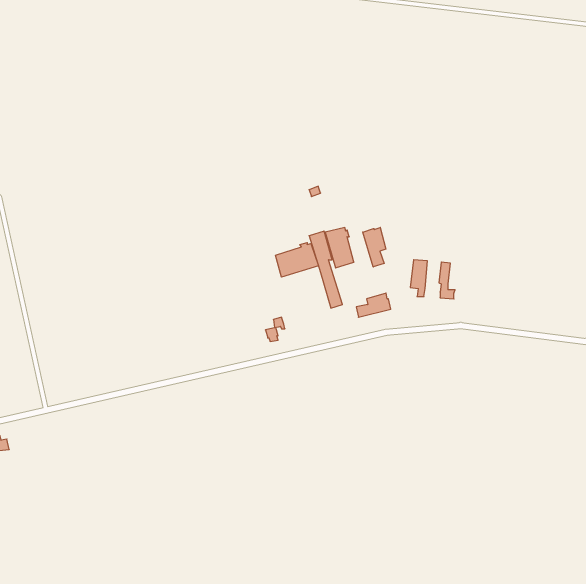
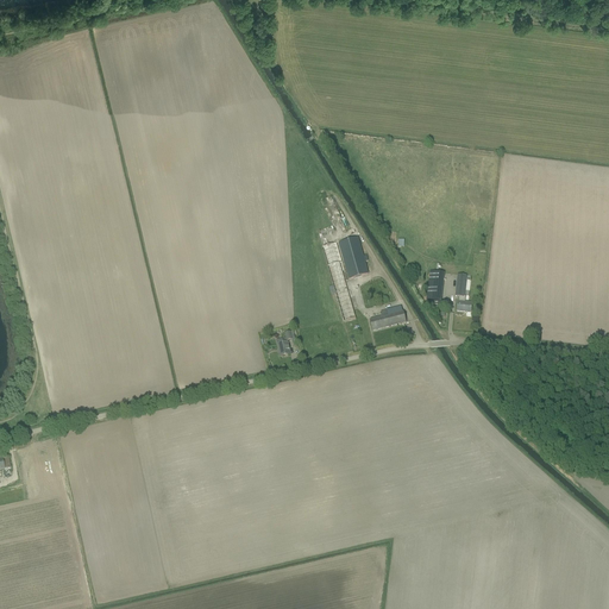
building: [363,227,386,267] -> none
building: [275,243,319,277] -> none

